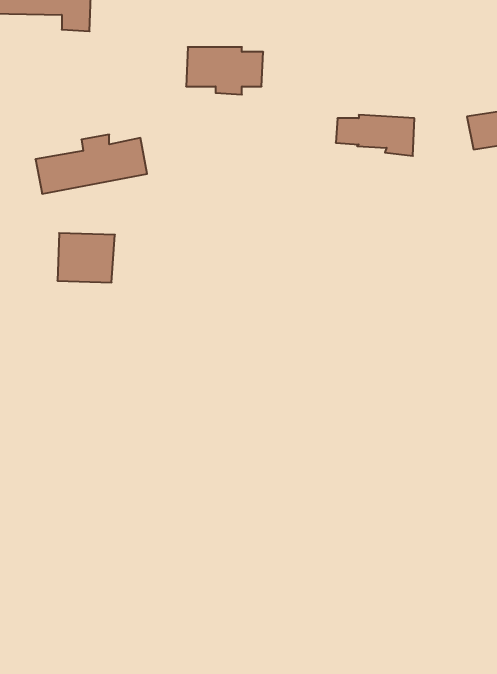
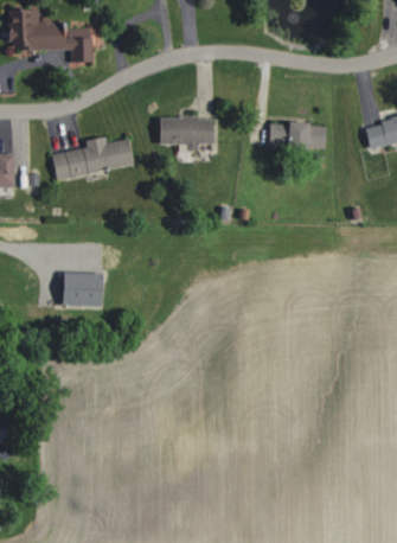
building: [186,47,263,95] -> [158,116,213,151]
building: [57,233,115,282] -> [60,273,102,308]

